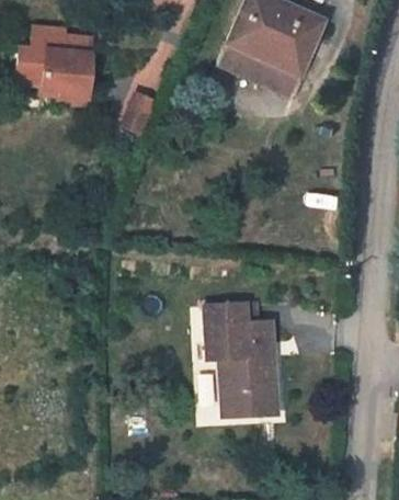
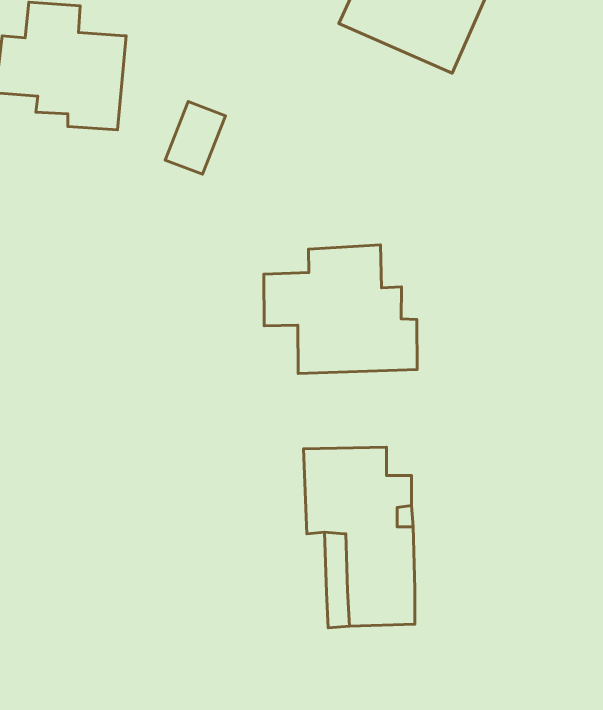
building: [217,42,297,95] -> none
building: none -> [264,245,417,373]

